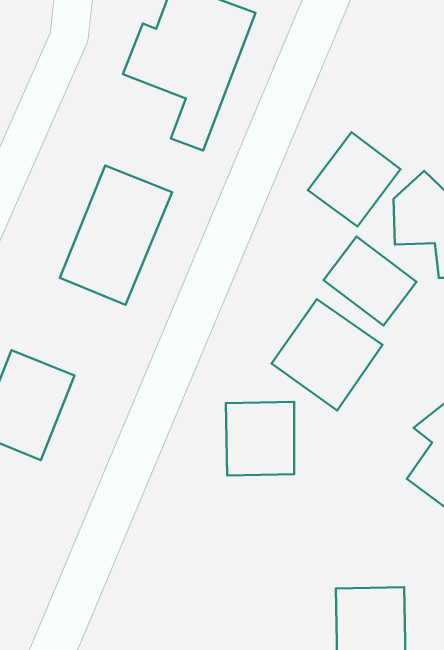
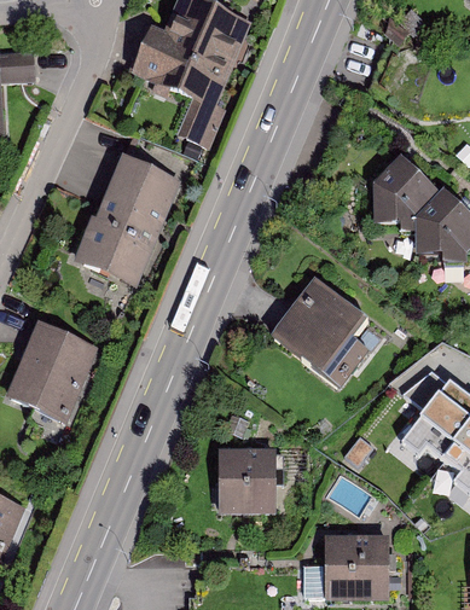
building: [308,132,400,227] -> none
building: [323,237,417,325] -> none
building: [226,402,294,476] -> [221,447,283,513]

